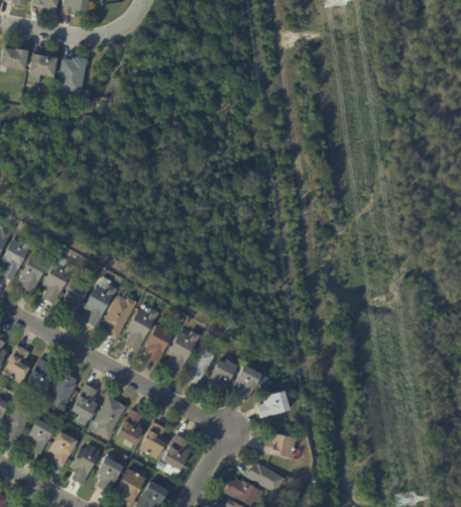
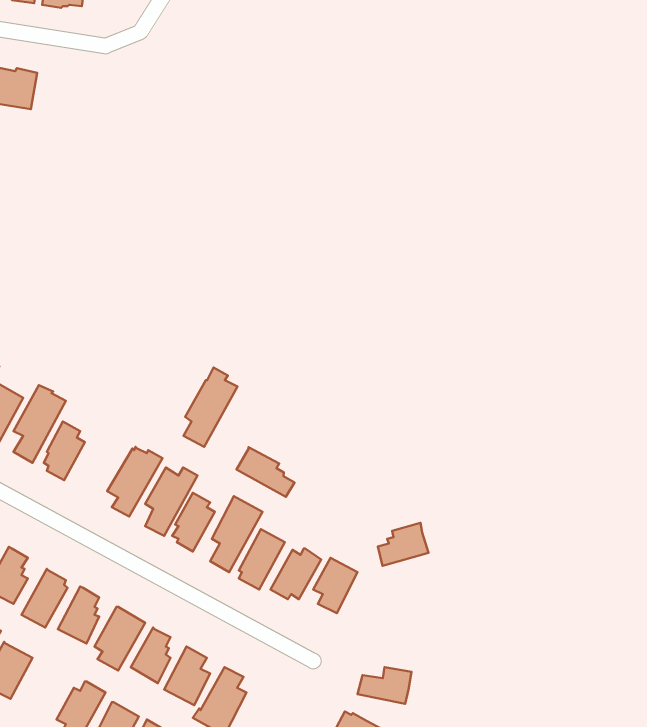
building: [56,58,87,96] -> none
building: [84,276,118,326] -> [184,368,237,447]
building: none -> [237,447,294,497]
building: [257,390,290,417] -> [378,523,429,566]
building: [48,431,77,467] -> none

